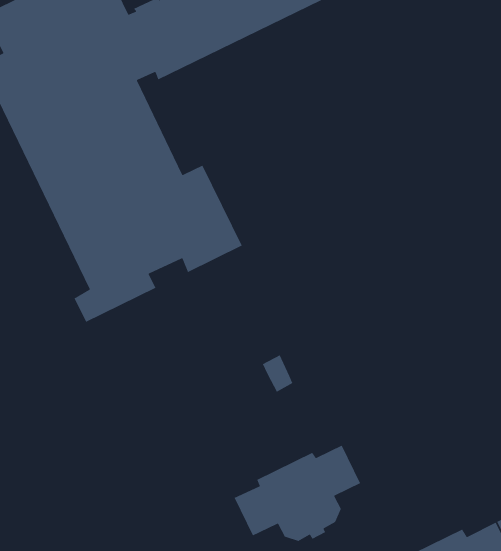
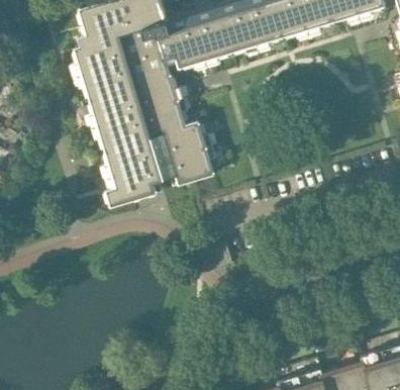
building: [234,444,361,542] -> none

